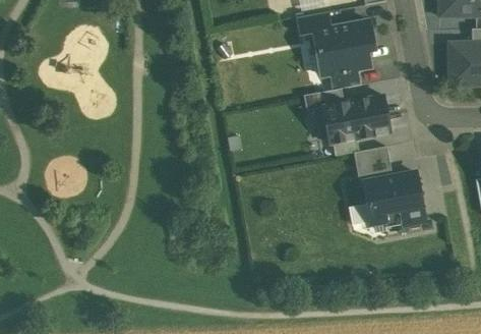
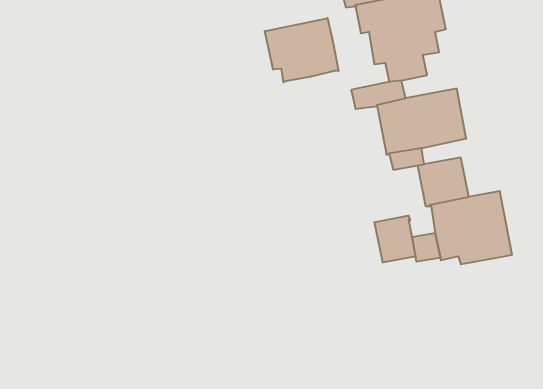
building: none -> [265,18,338,82]
building: none -> [375,216,415,263]

